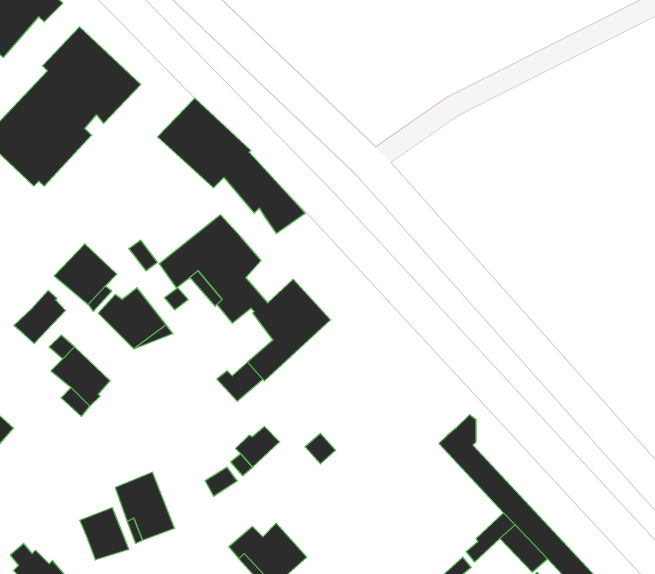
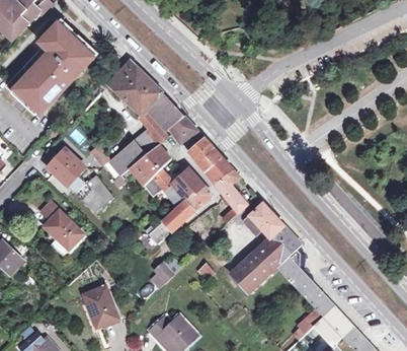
building: none -> [139,109,172,144]
building: none -> [189,138,247,223]
building: [14,290,66,344] -> none
building: none -> [230,203,301,292]
building: [80,508,129,560] -> none

